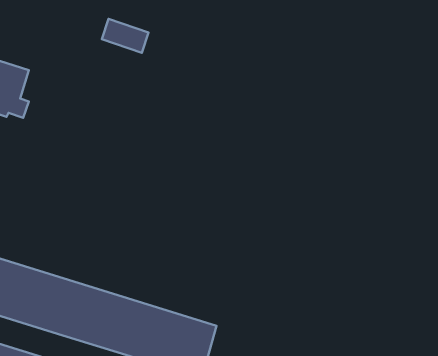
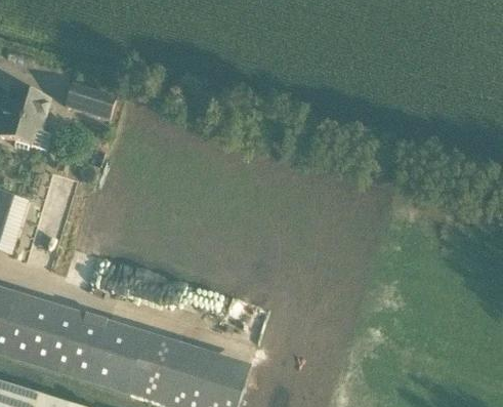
building: [102,19,148,53] -> [67,83,116,119]

